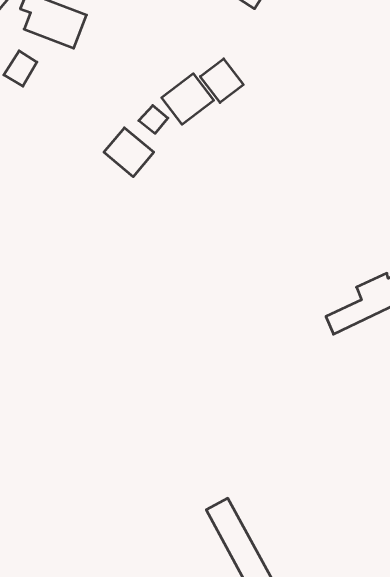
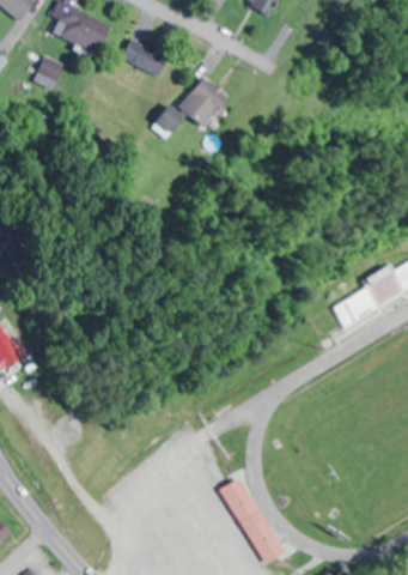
building: none -> [120,35,169,77]
building: [200,59,243,103] -> none
building: [104,128,154,177] -> none

